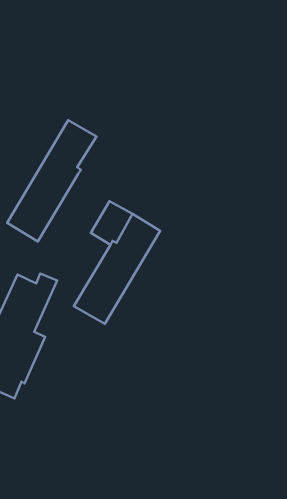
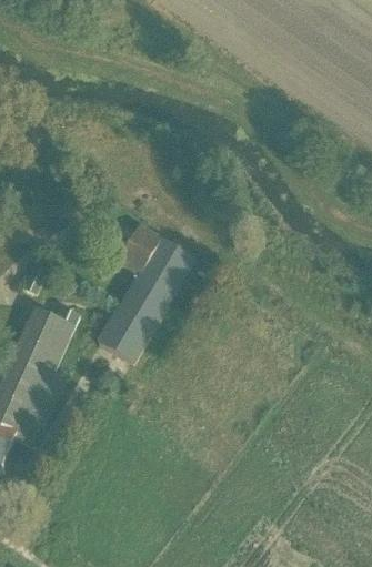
building: [7,120,97,242] -> none

